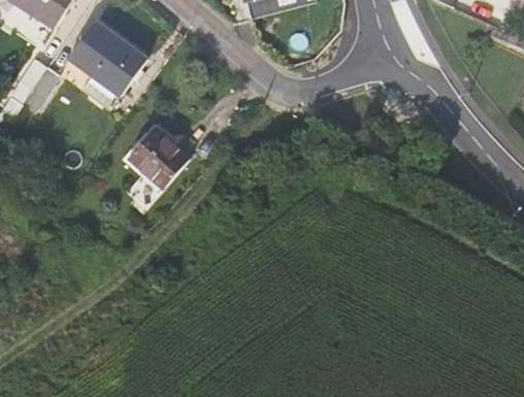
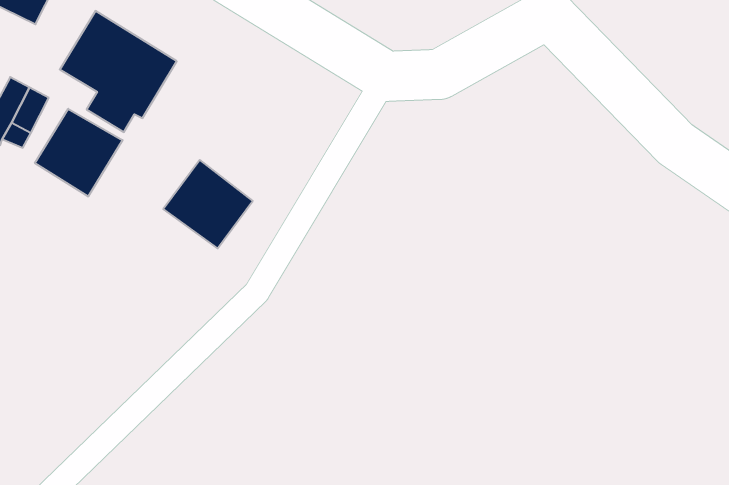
building: none -> [35,109,123,197]

